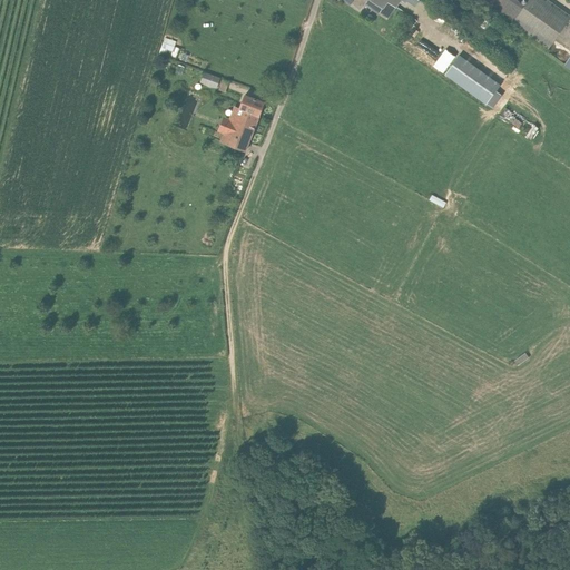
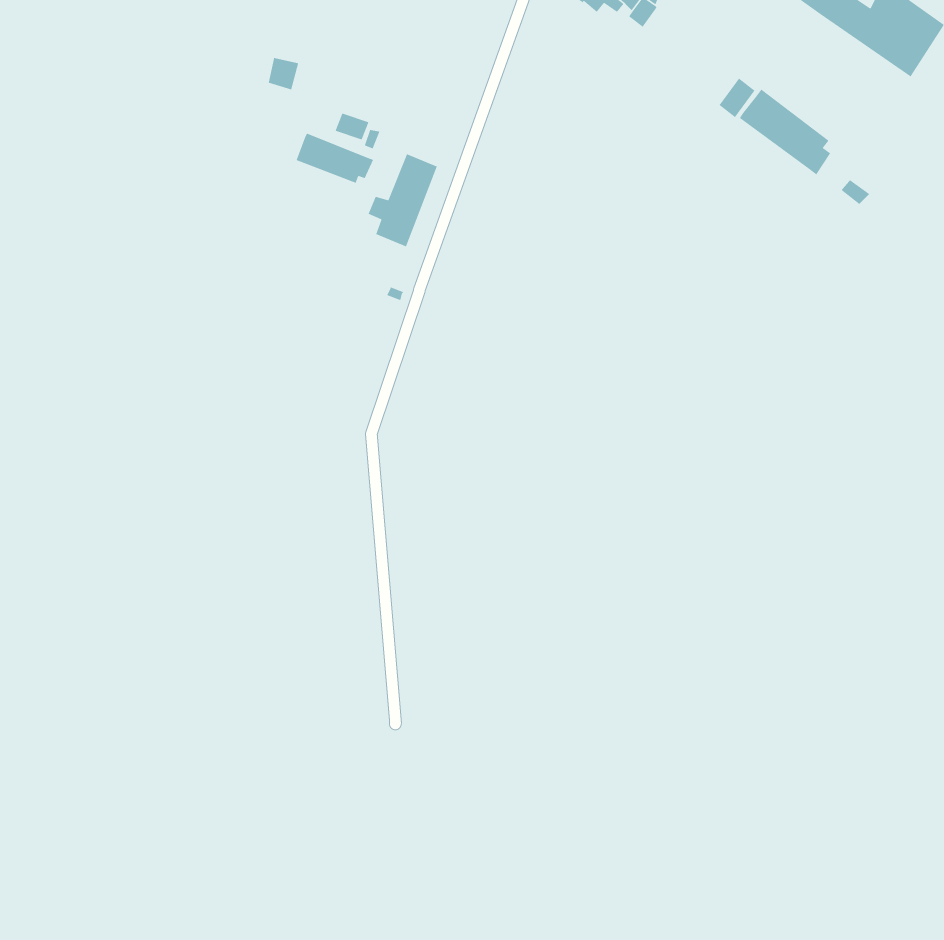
building: none -> [296,133,374,184]

